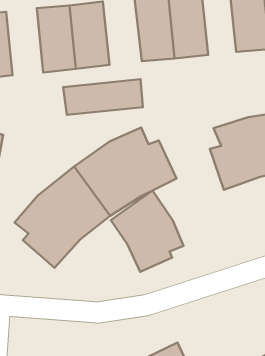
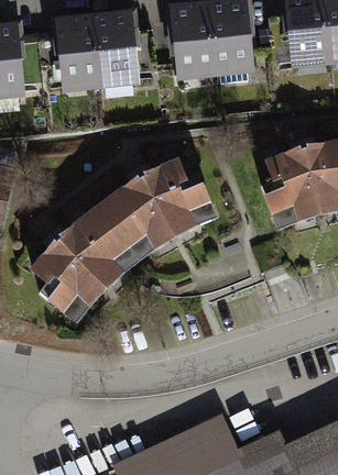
building: [63,79,143,115] -> none
building: [111,191,183,272] -> none

